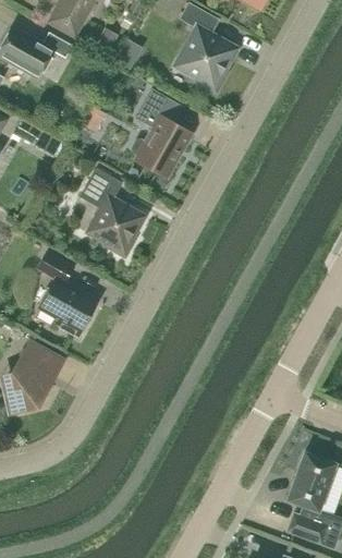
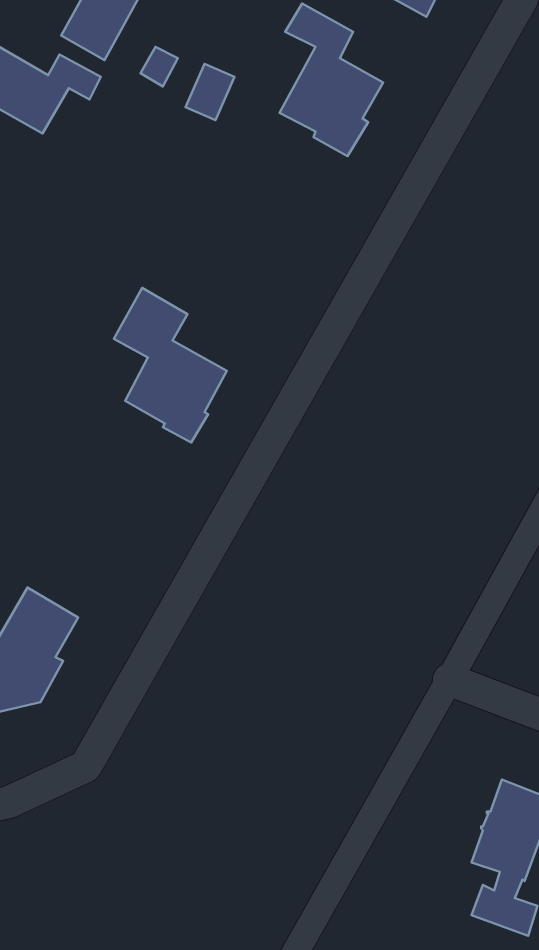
building: [131,88,192,177] -> none
building: [38,252,98,336] -> none

